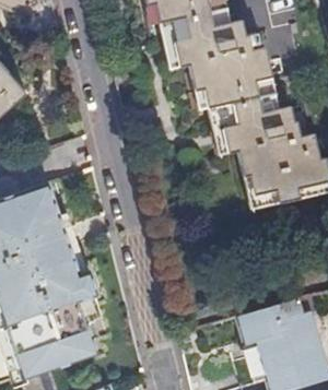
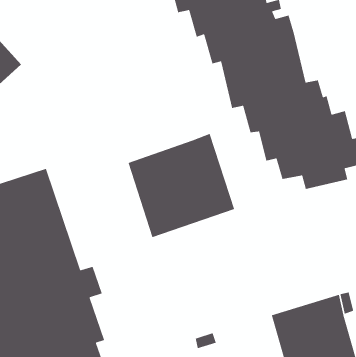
building: none -> [127,133,235,238]

